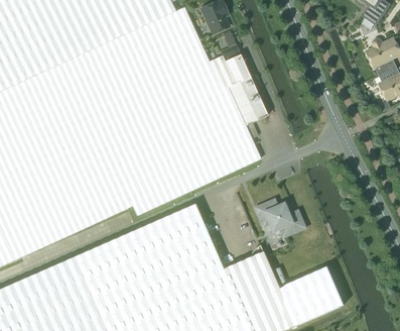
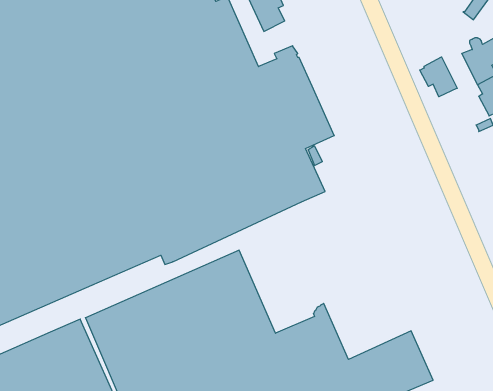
building: none -> [420,57,457,97]
building: [255,200,305,237] -> none

